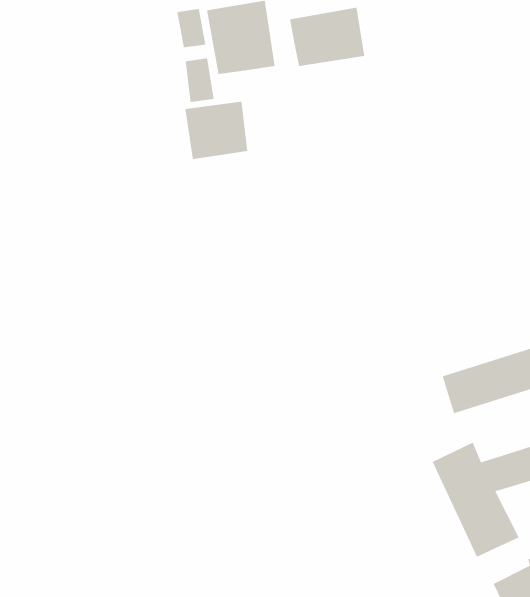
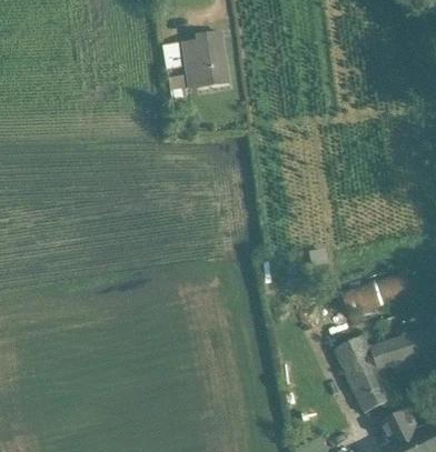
building: [289,7,365,67] -> none
building: [185,101,248,160] -> none

